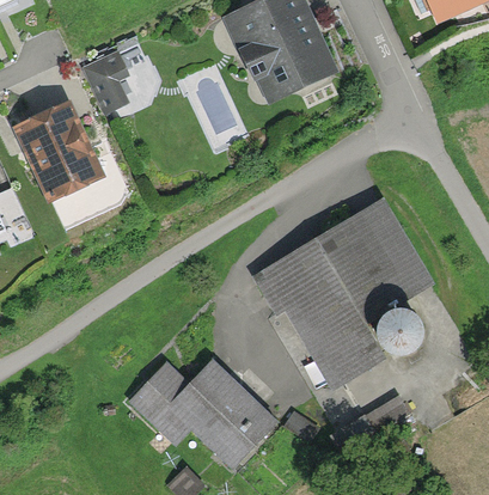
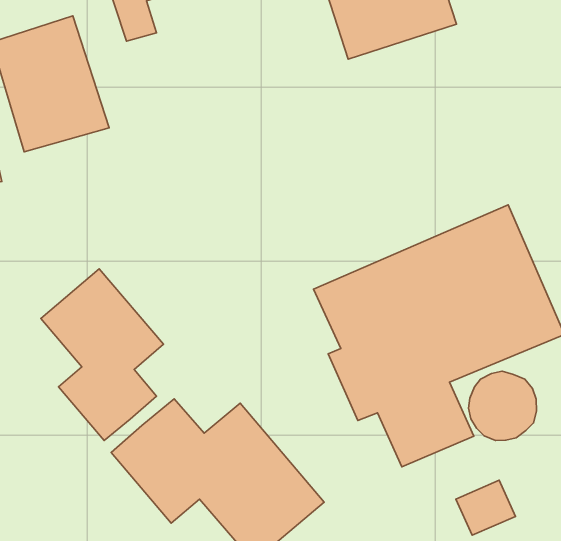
building: none -> [41,269,163,441]

